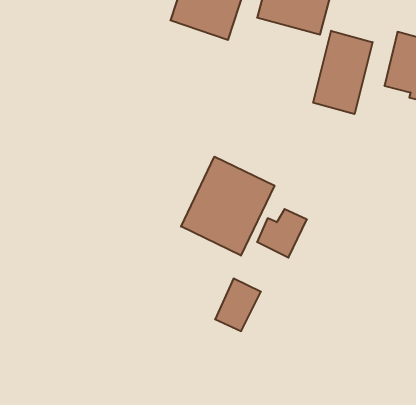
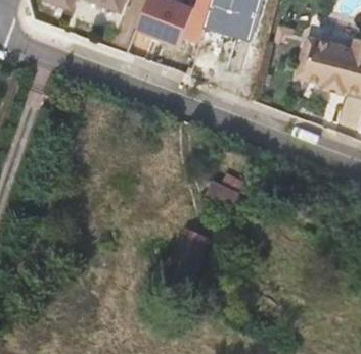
building: [313,31,373,114] -> none
building: [181,157,274,256] -> none

